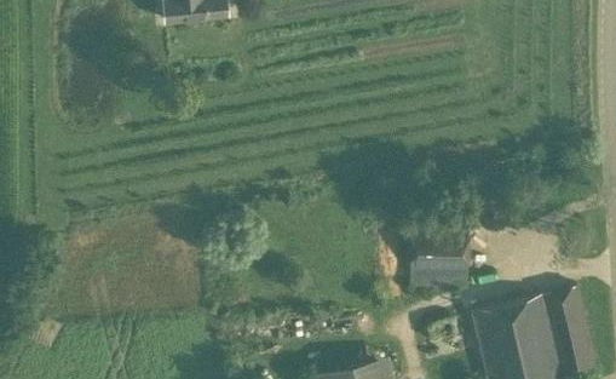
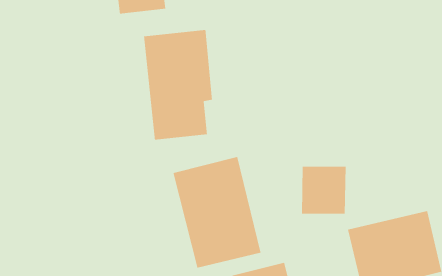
building: none -> [143,29,213,141]
building: none -> [173,156,261,268]

